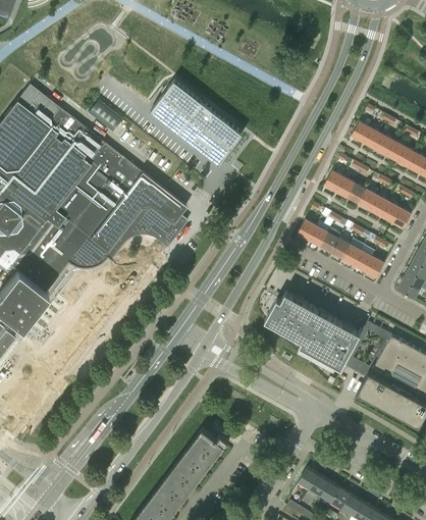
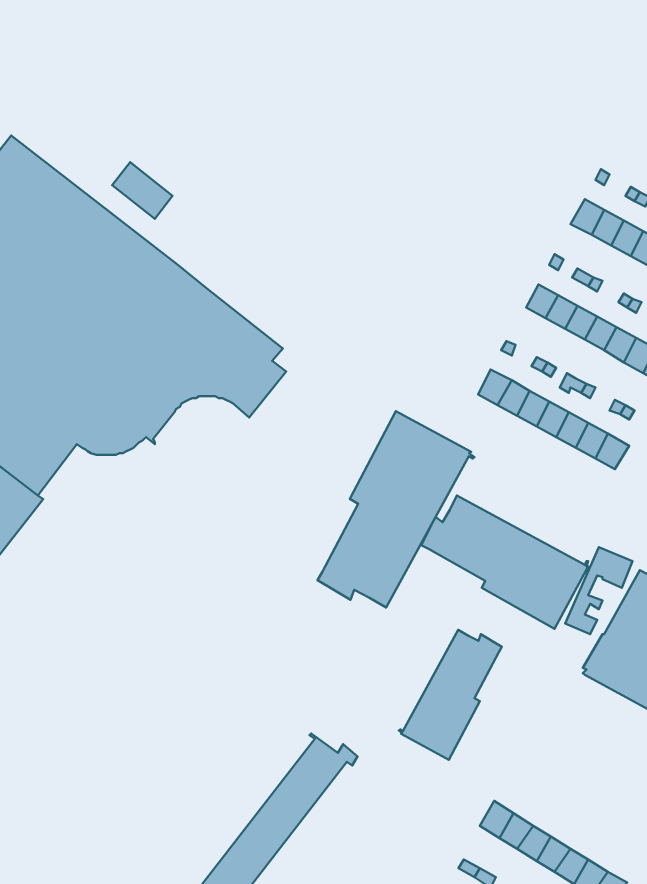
building: [151,82,243,165] -> none
building: none -> [318,411,475,607]
building: none -> [399,630,502,760]

